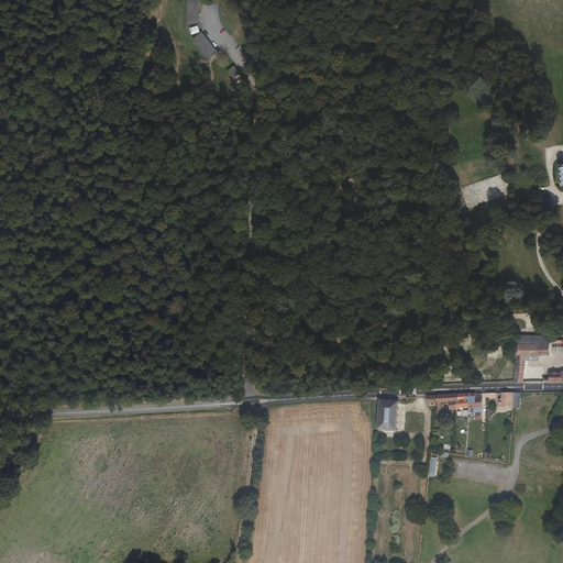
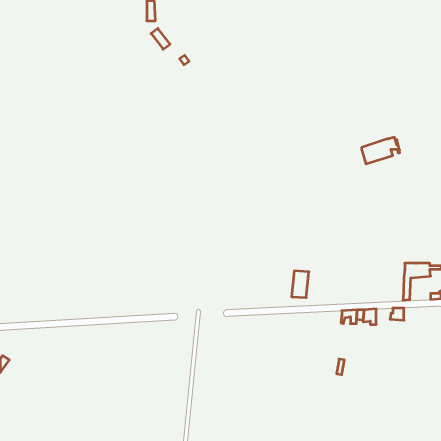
building: [376,397,398,431] -> [292,271,309,298]

